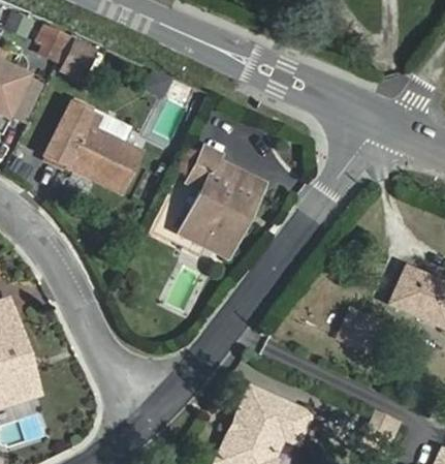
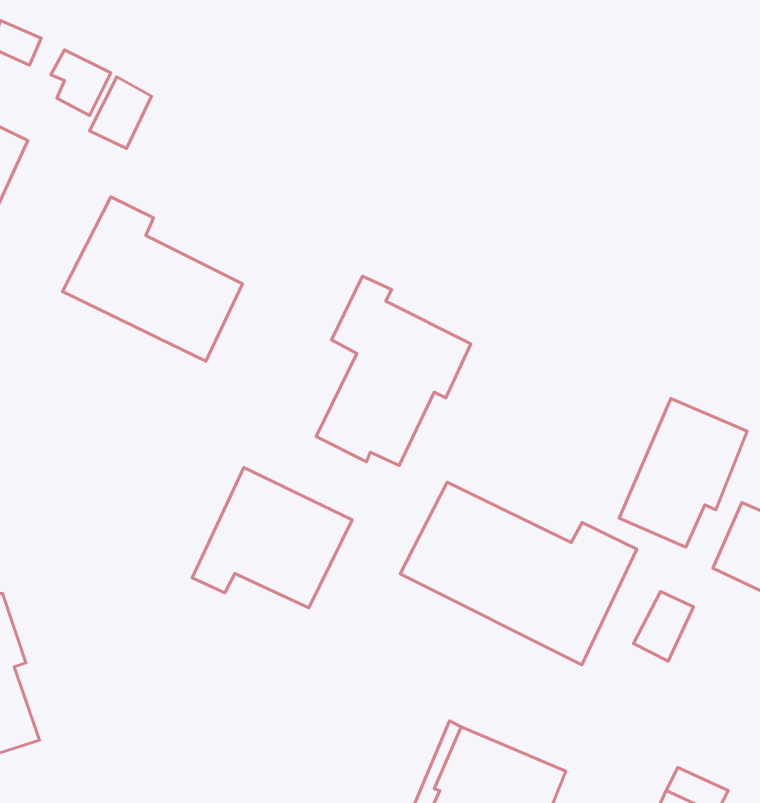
building: none -> [619,399,747,547]
building: none -> [192,468,352,608]
building: none -> [400,482,637,665]

